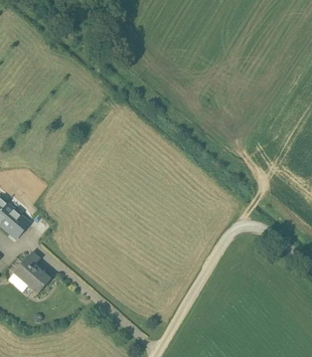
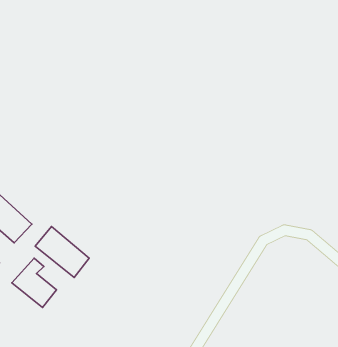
building: none -> [35,226,89,278]

